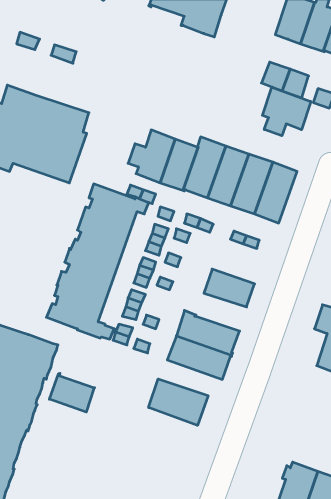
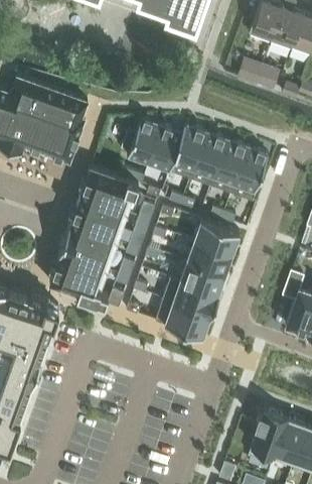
building: [262,87,311,136] -> none
building: none -> [195,219,241,253]
building: none -> [180,261,225,294]
building: [49,373,95,412] -> none
building: [149,379,208,425] -> none

